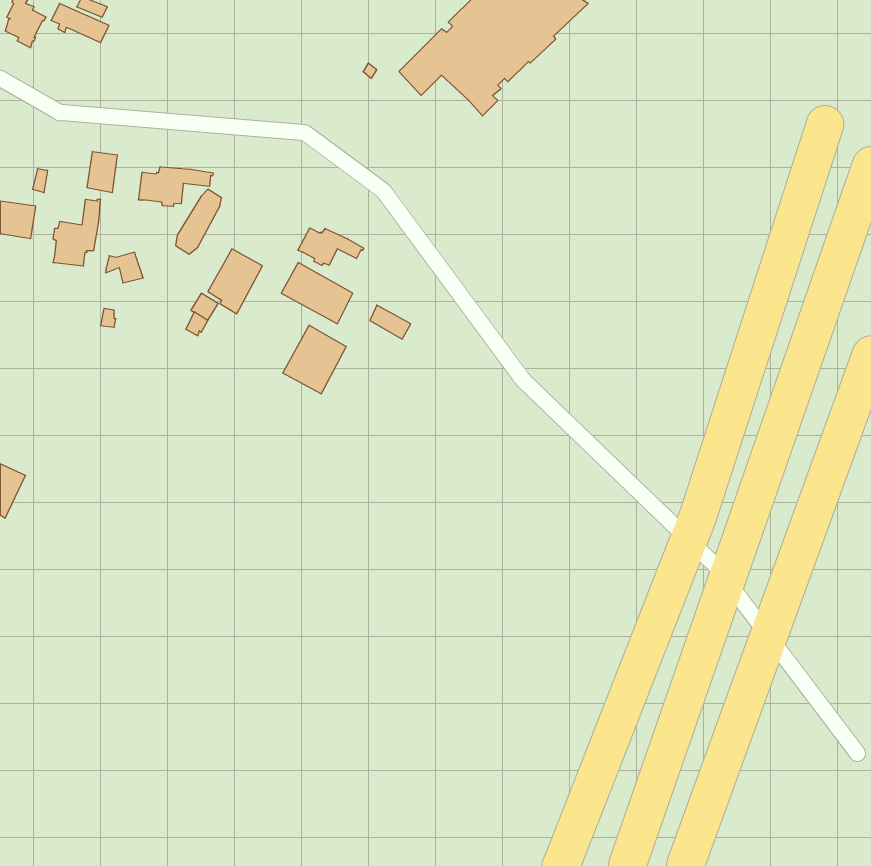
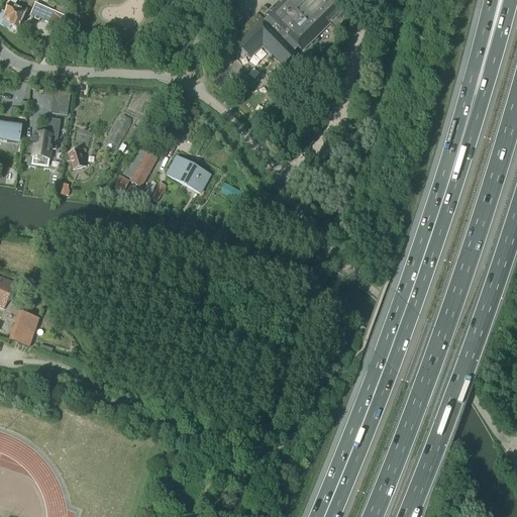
building: [139,167,213,207] -> none
building: [298,228,364,265] -> none
building: [283,325,346,394] -> none
building: none -> [9,311,37,346]

